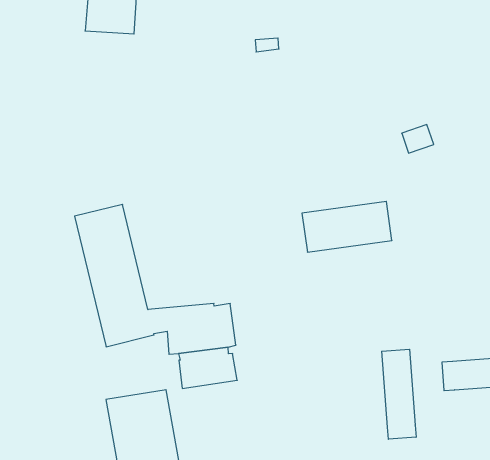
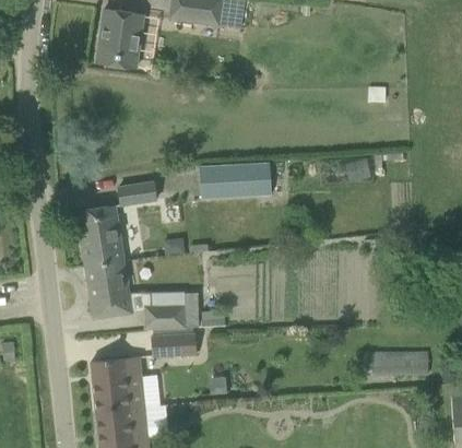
building: none -> [117,180,156,205]
building: [302,201,392,252] -> [199,163,270,199]
building: [382,349,416,439] -> none

